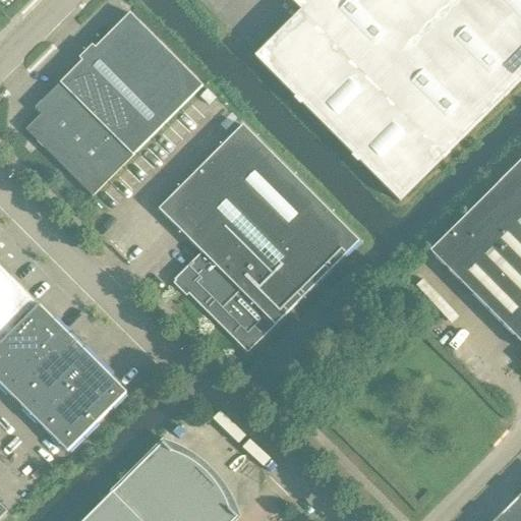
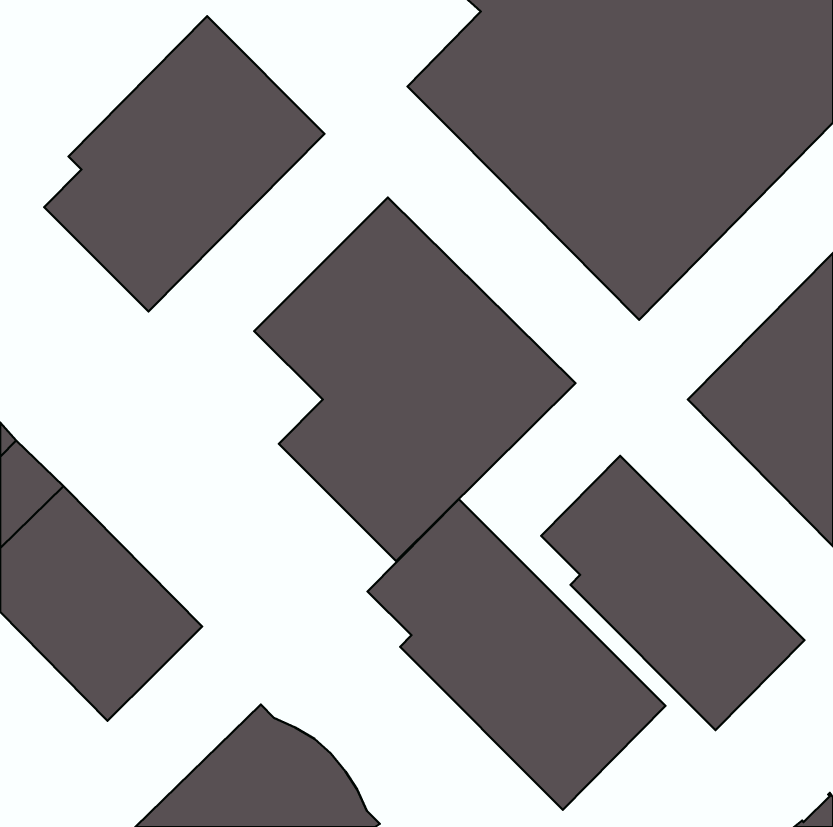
building: none -> [541,456,805,730]
building: none -> [367,499,665,810]

